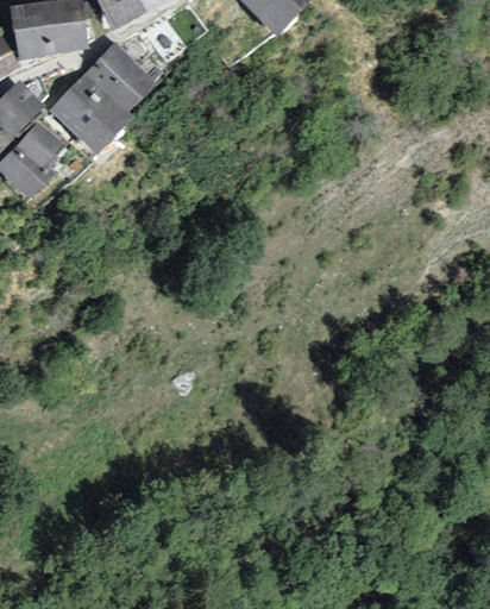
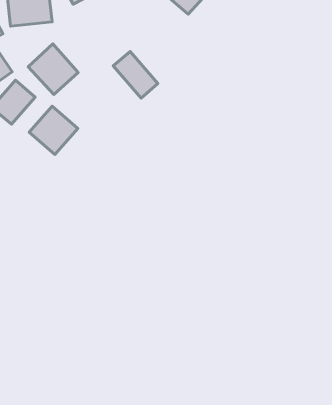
building: [90,42,153,107] -> [113,51,158,98]
building: none -> [29,106,78,154]

